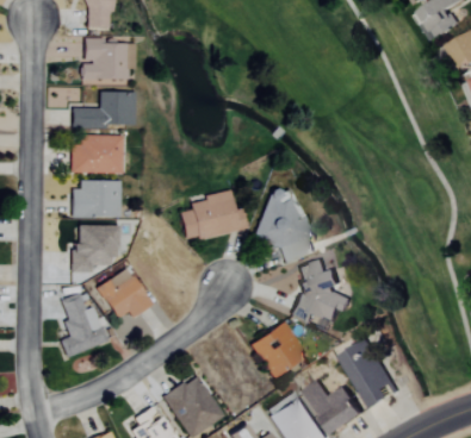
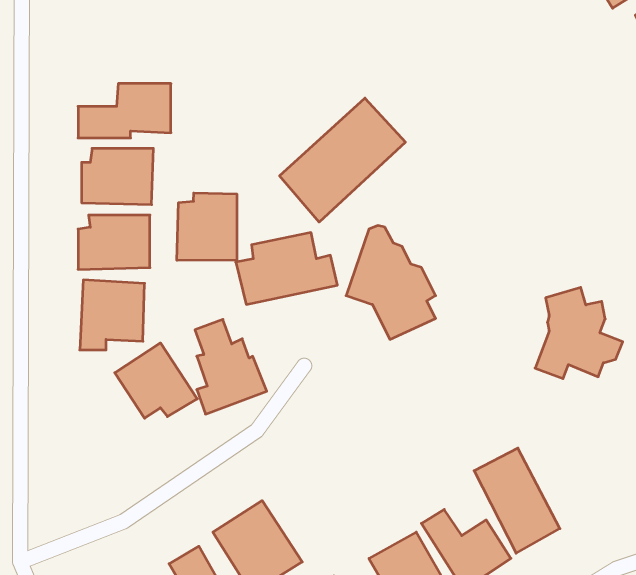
building: [82,40,135,80] -> none
building: none -> [280,98,405,222]
building: none -> [177,193,237,260]
building: [292,261,352,323] -> [535,287,623,379]
building: [61,293,110,357] -> [195,319,267,414]
building: [250,321,306,378] -> none

